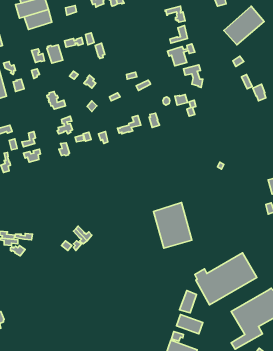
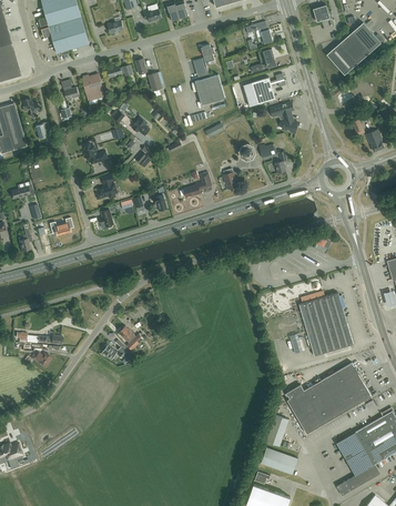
building: none -> [193,44,225,104]
building: [153,203,192,248] -> [299,292,353,355]

